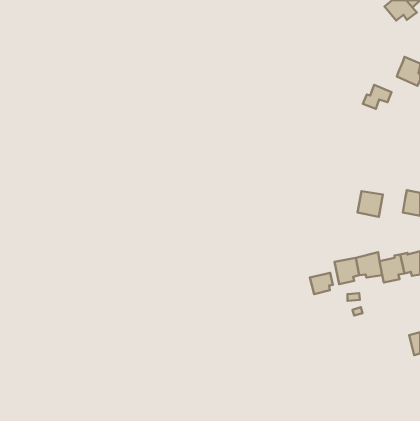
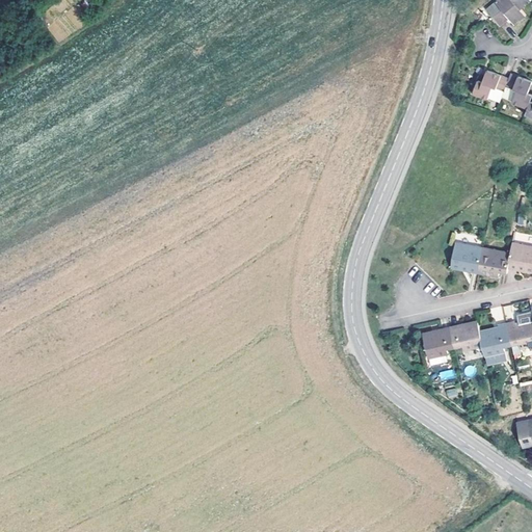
building: [363,85,392,109] -> [472,69,508,99]
building: none -> [478,245,511,277]
building: [310,273,333,294] -> none

